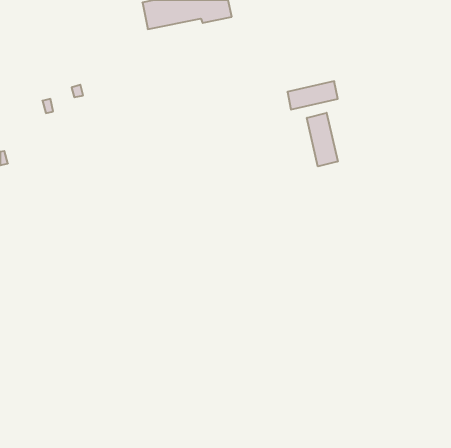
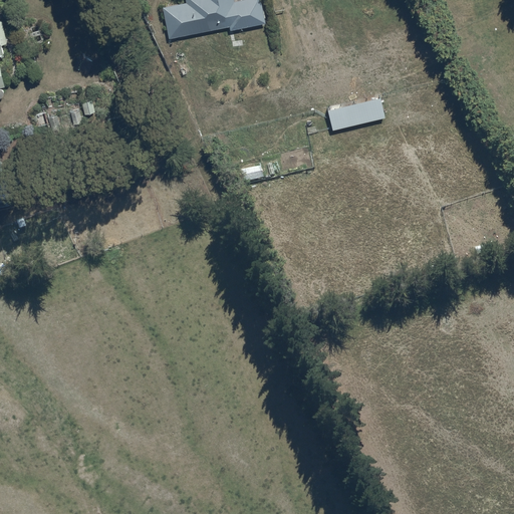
building: [307,113,338,166] -> none

